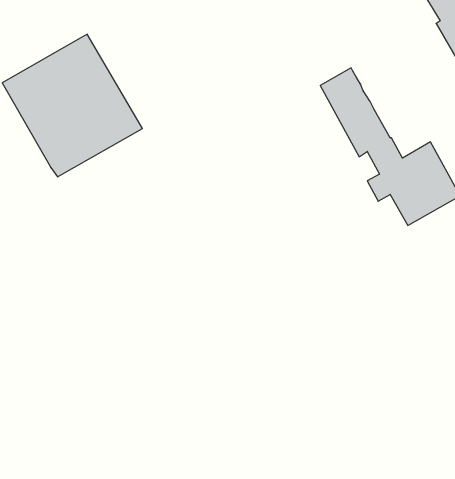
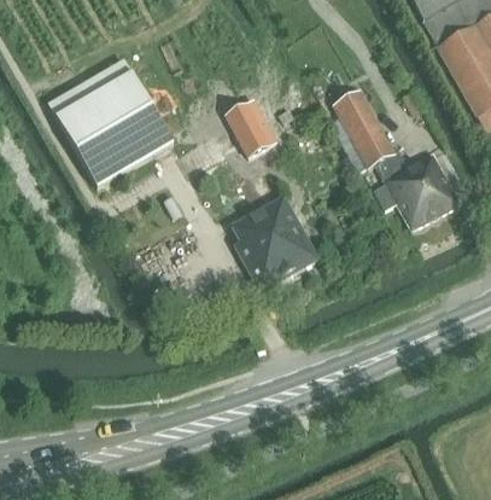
building: none -> [224,98,275,156]
building: none -> [230,194,317,290]

